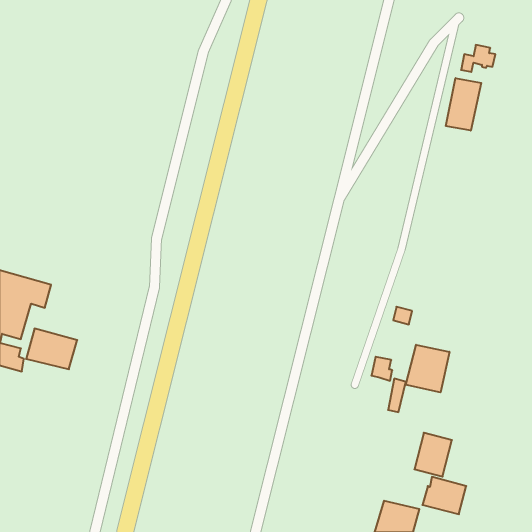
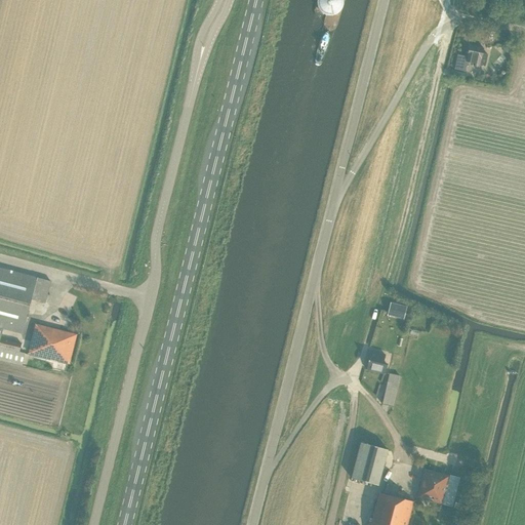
building: [446,78,481,131] -> none
building: [406,345,449,392] -> none
building: [414,433,452,477] -> [350,442,387,485]

